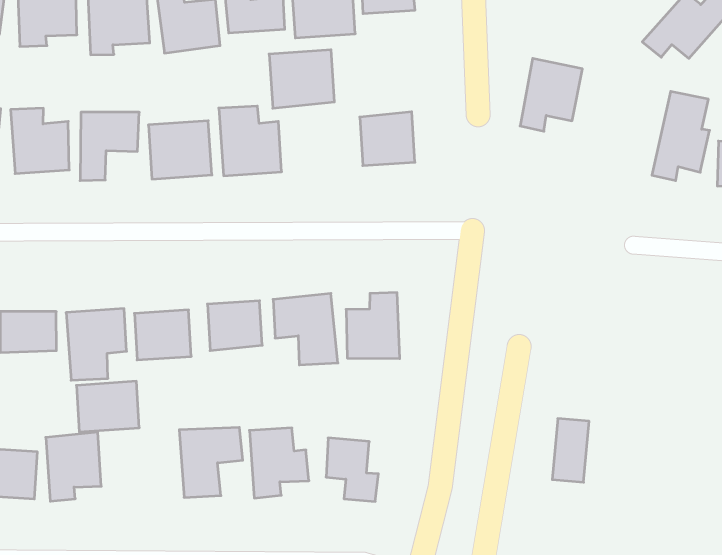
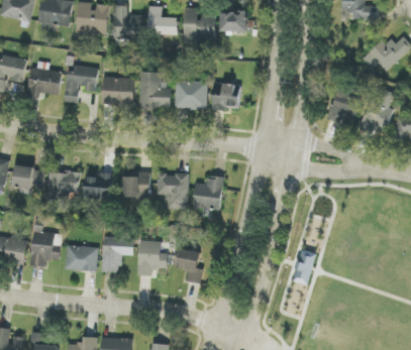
building: [269,50,334,108] -> [174,81,207,109]
building: [520,58,582,131] -> [327,85,363,123]
building: [76,381,139,432] -> [65,246,97,271]

